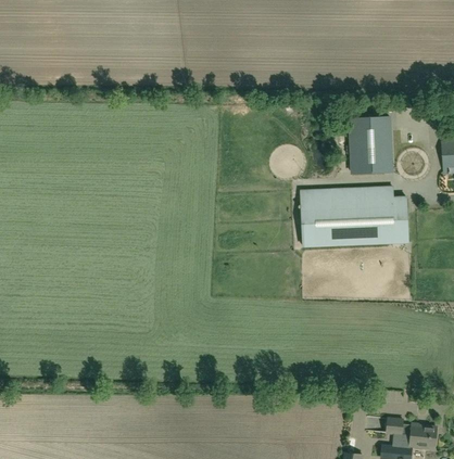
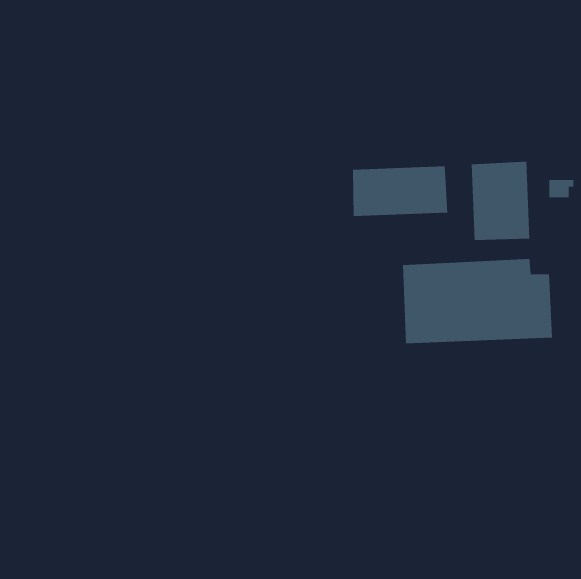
building: none -> [352,166,448,217]

